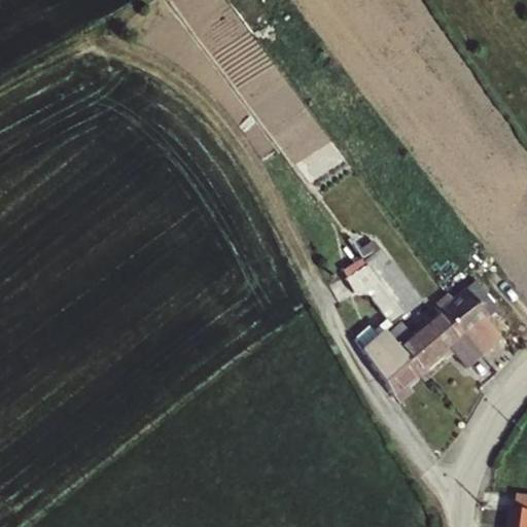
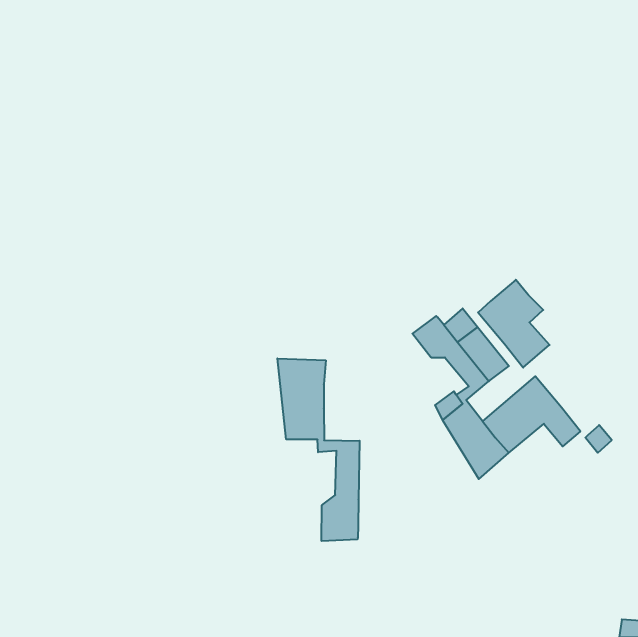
building: [442,282,500,354] -> [478,280,550,368]
building: none -> [277,358,360,541]

